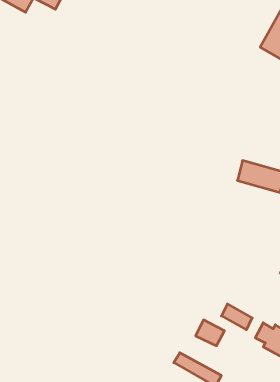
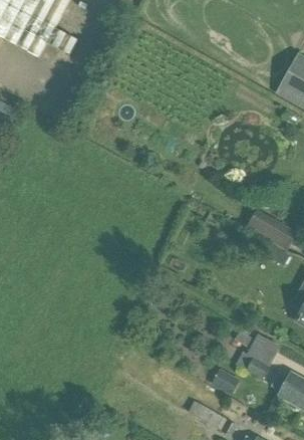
building: none -> [250,335,282,365]

